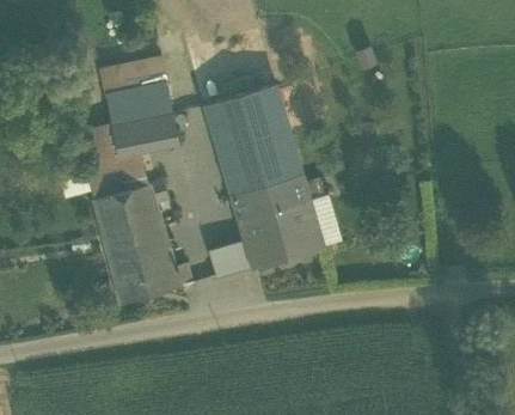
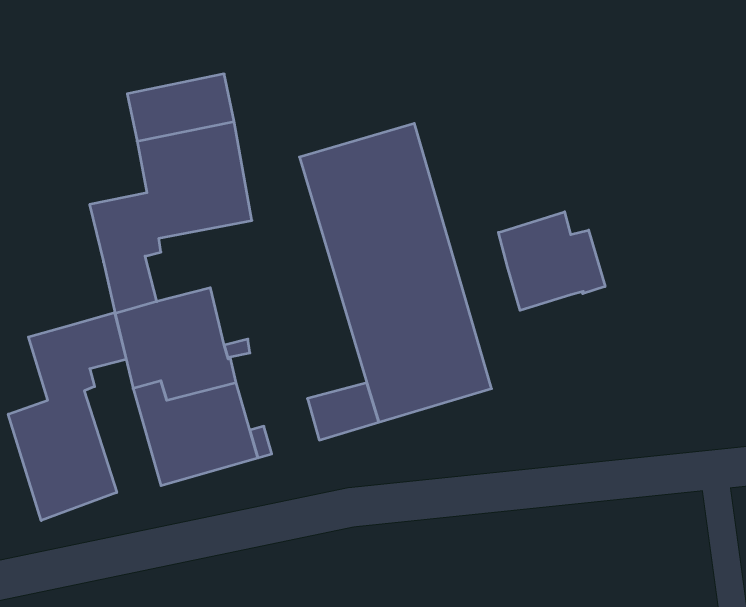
building: none -> [498,212,605,310]
building: none -> [8,312,126,521]

